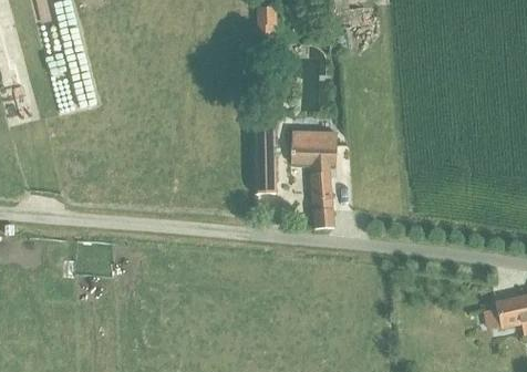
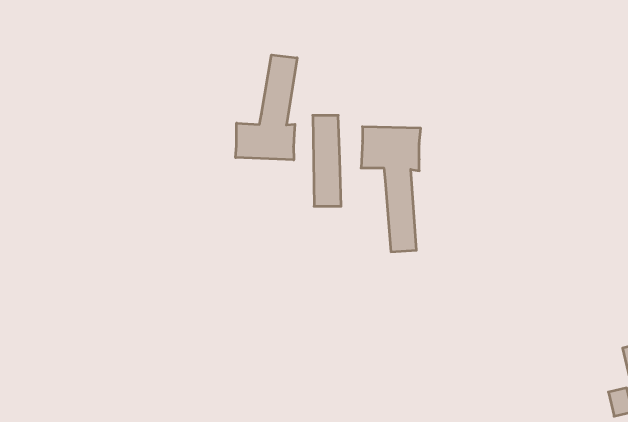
building: none -> [236,55,297,160]

